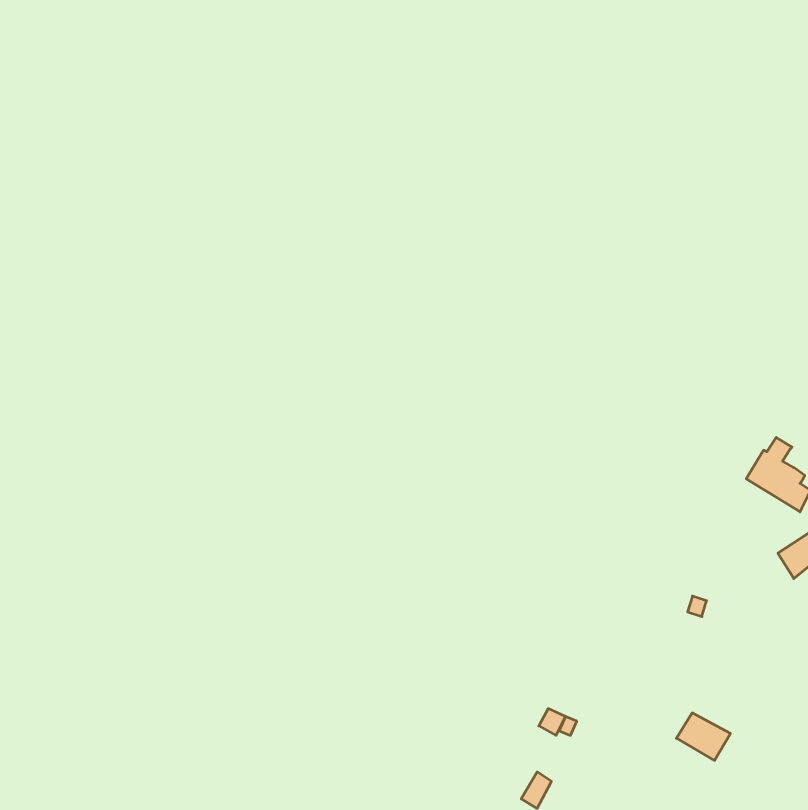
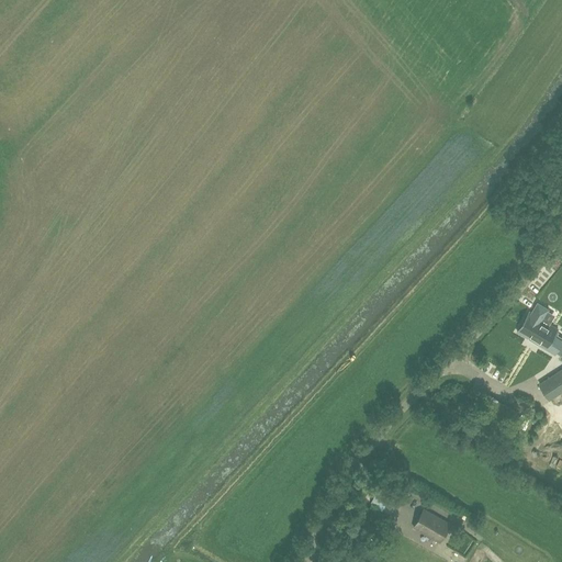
building: [676,713,730,760] -> [414,509,451,542]

